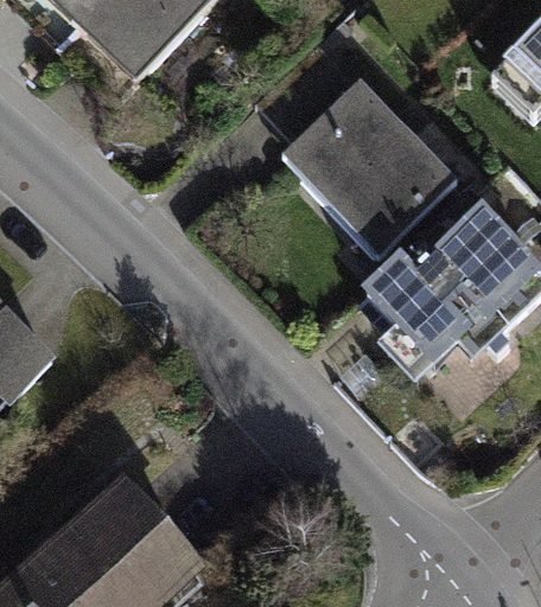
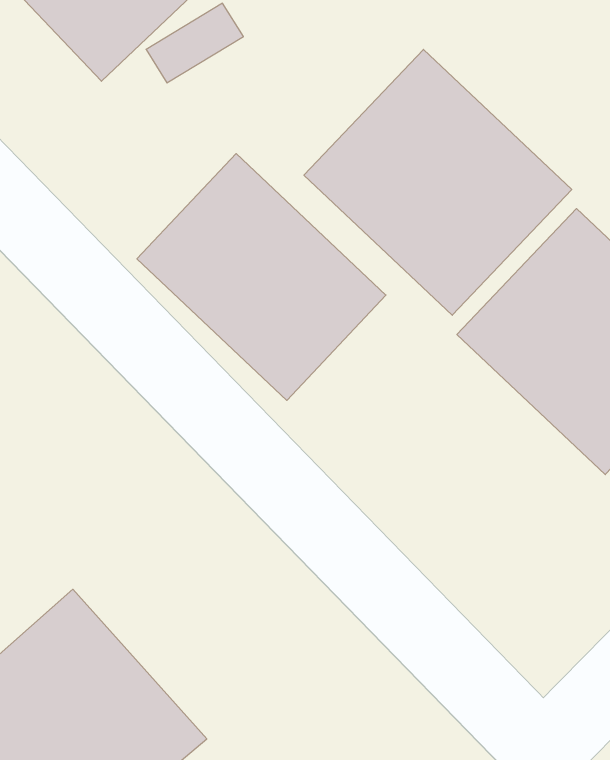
building: none -> [137,154,386,400]

